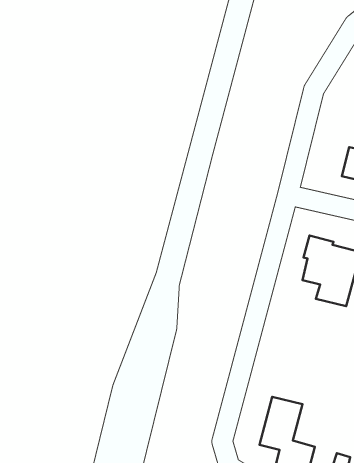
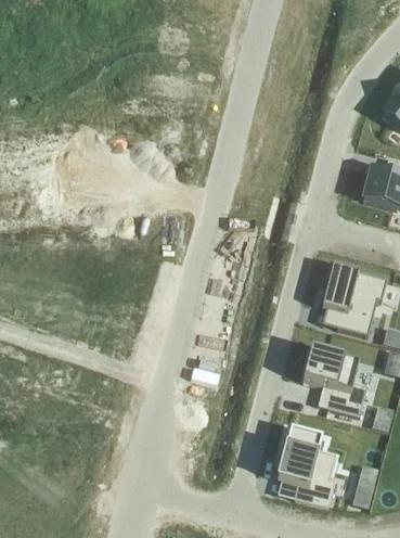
building: none -> [300,347,365,413]

